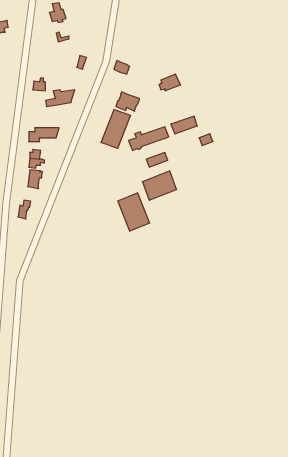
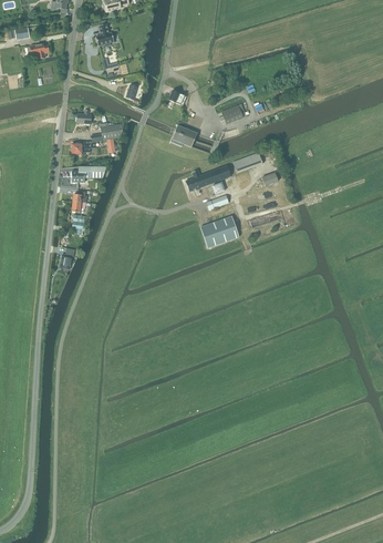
building: [101,109,131,148] -> none
building: [118,193,149,231] -> none

